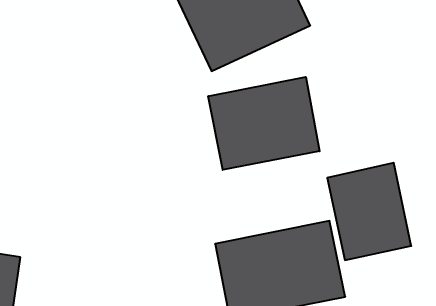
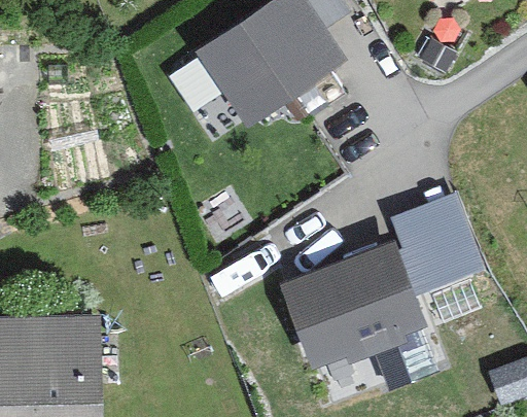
building: [208,77,320,170] -> none

